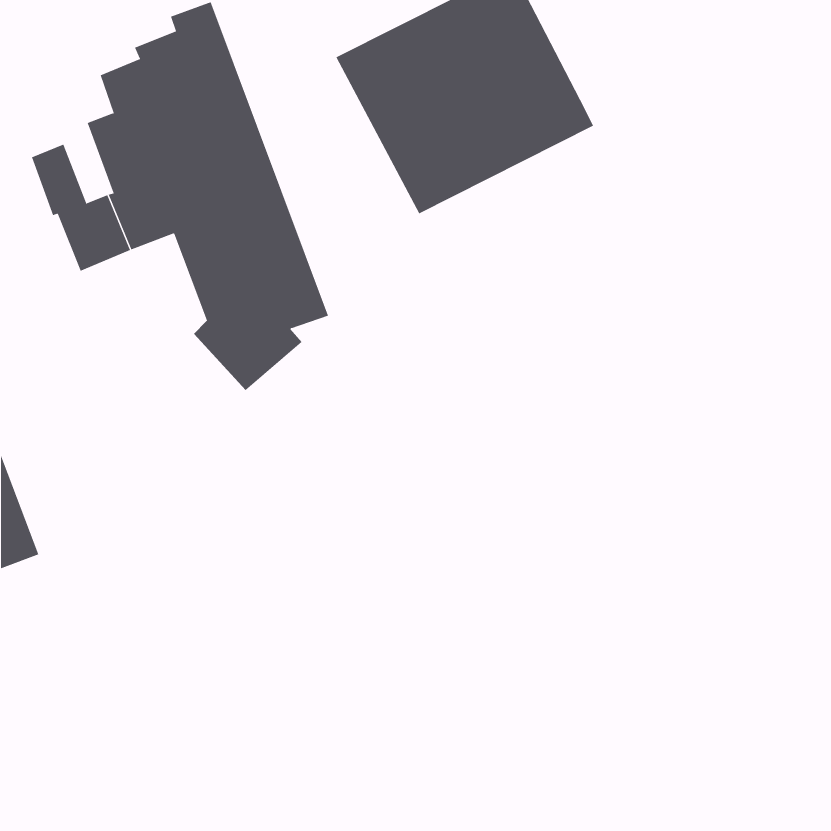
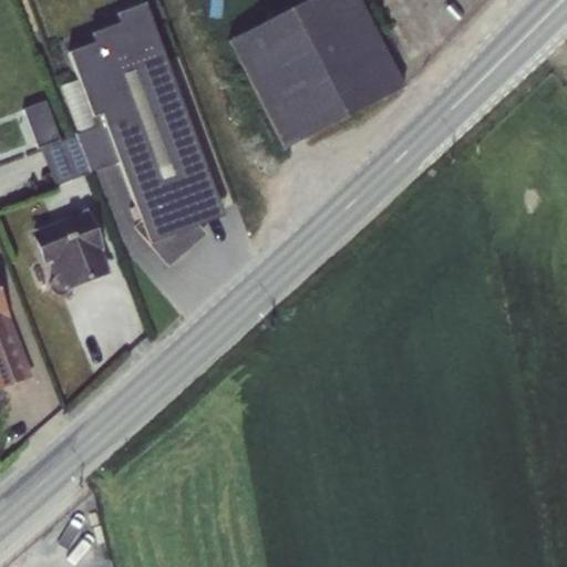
building: none -> [33,206,109,292]

